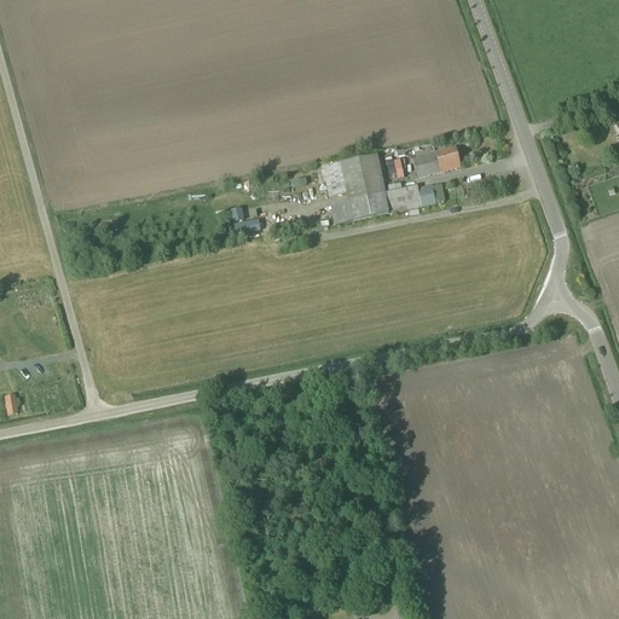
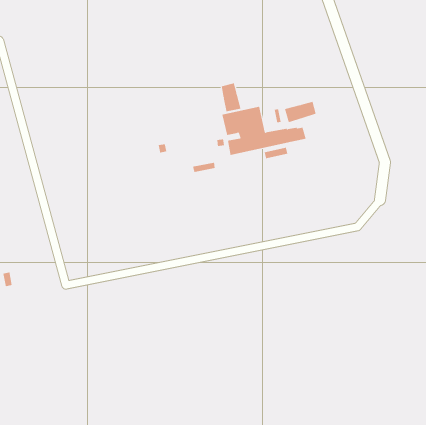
building: none -> [221,83,241,112]

